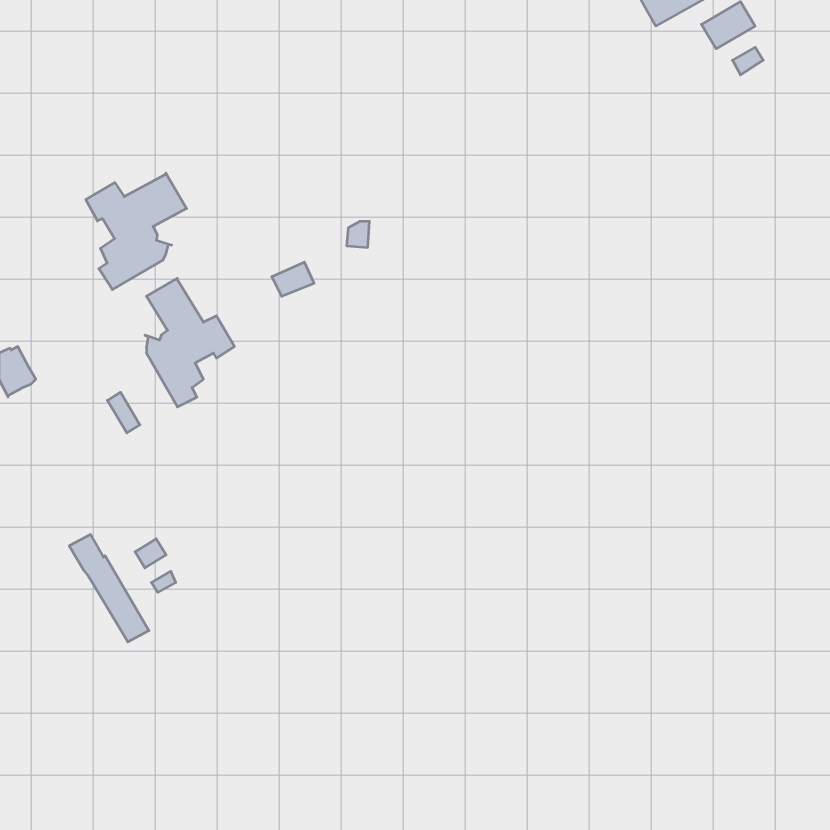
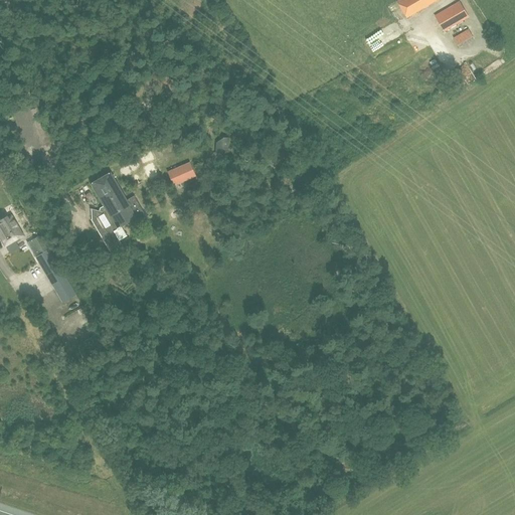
building: [86,173,187,290] -> none
building: [69,535,149,642] -> [26,234,75,301]

